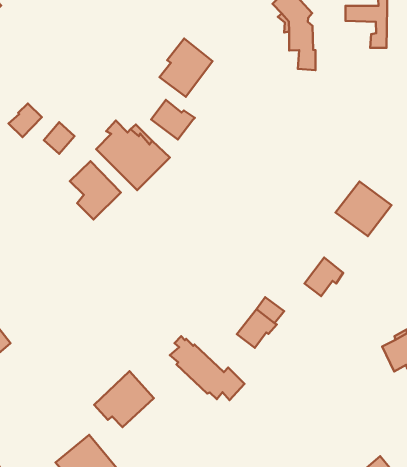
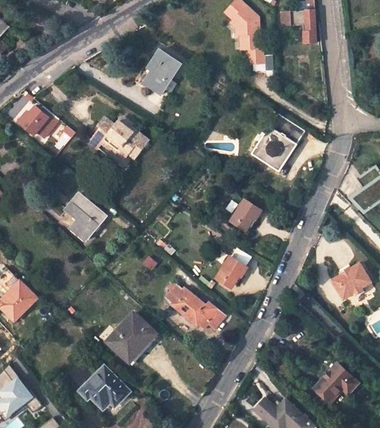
building: [151,100,195,140] -> none
building: [70,161,121,220] -> [65,195,106,241]
building: [336,181,392,236] -> [252,127,296,170]
building: [305,257,343,296] -> [231,199,261,230]

